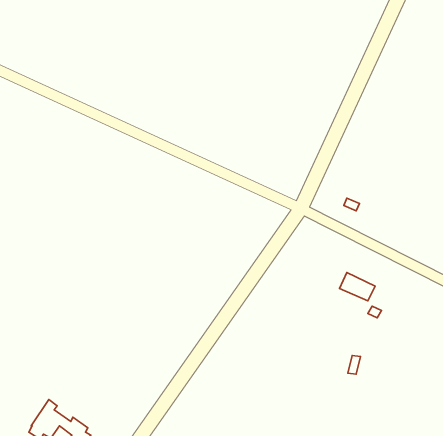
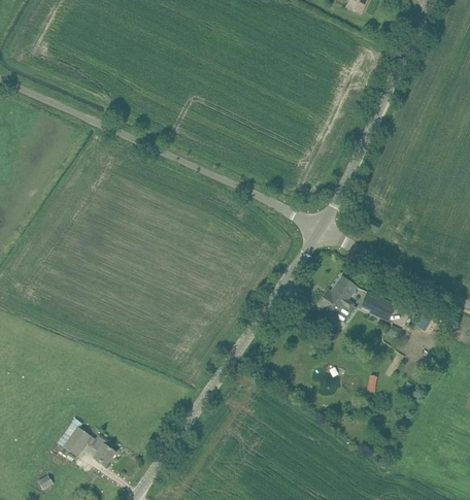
building: none -> [322,276,356,316]

